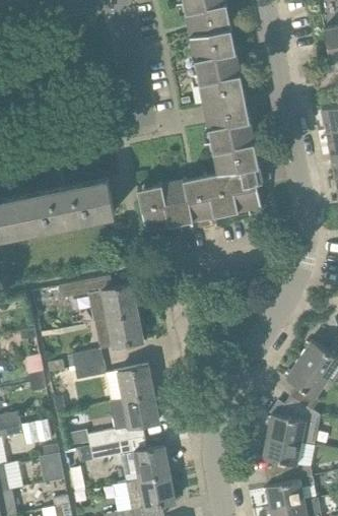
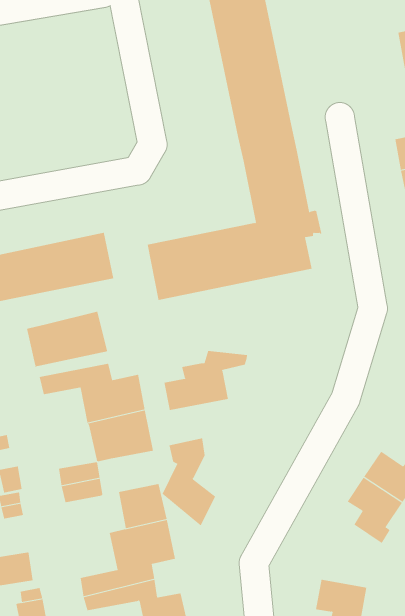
building: none -> [27,311,108,368]
building: none -> [164,350,247,411]
building: none -> [162,437,216,526]
building: [267,398,313,445] -> none

